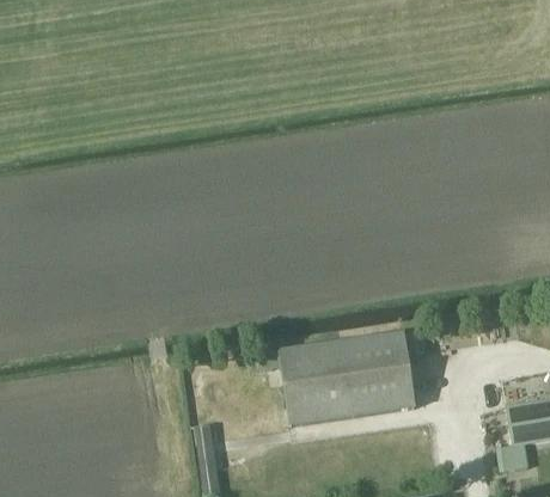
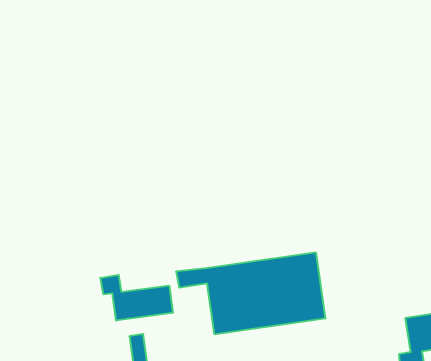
building: none -> [100,275,173,321]

